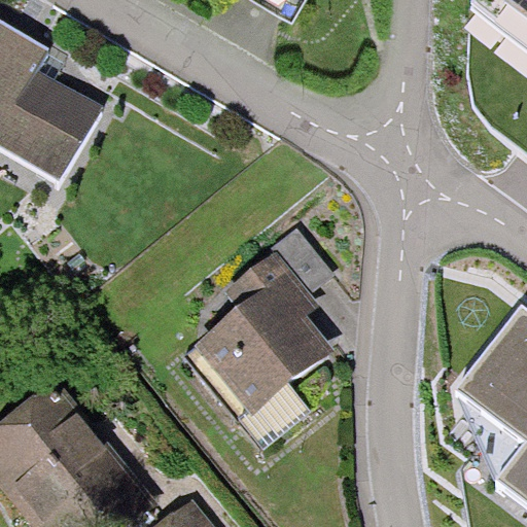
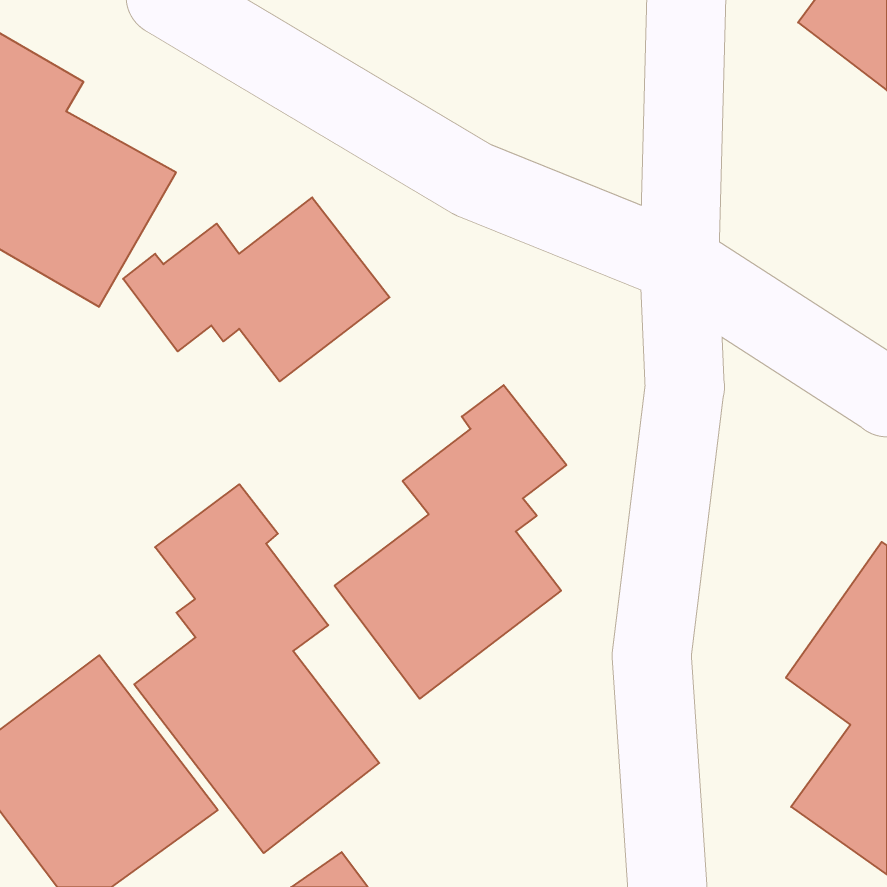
building: none -> [123,197,390,381]
building: none -> [134,484,379,853]

